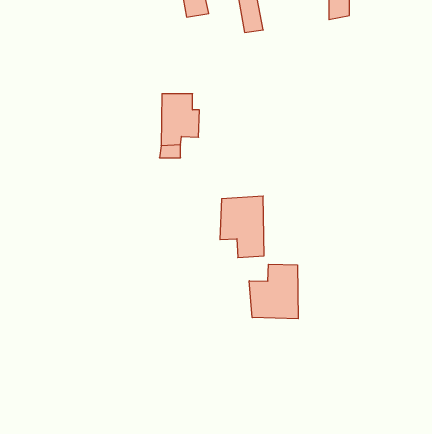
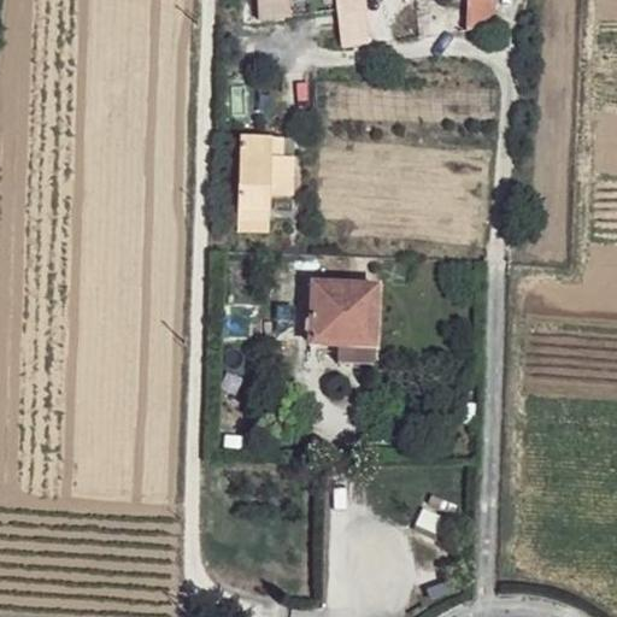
building: [249,264,298,319] -> none

